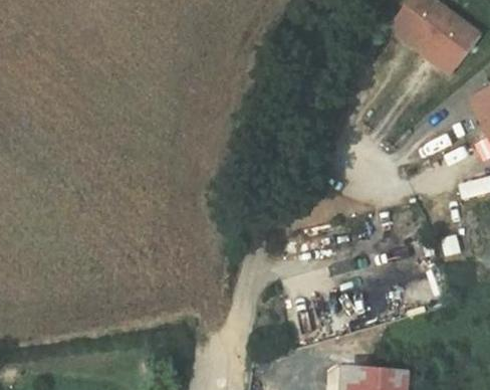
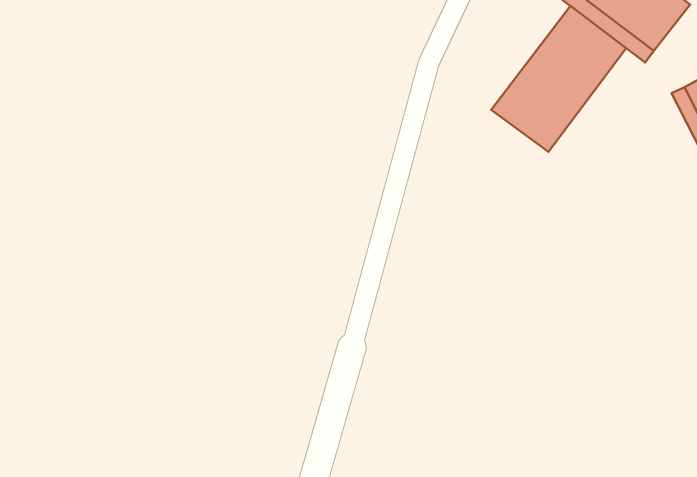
building: none -> [491,6,626,152]

